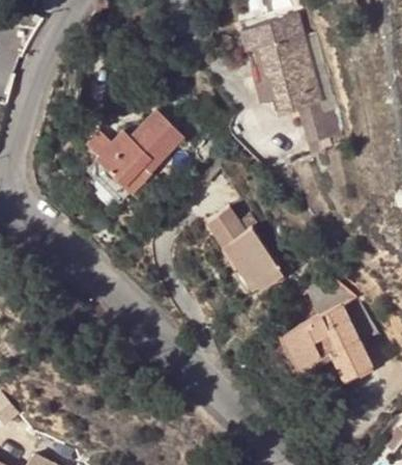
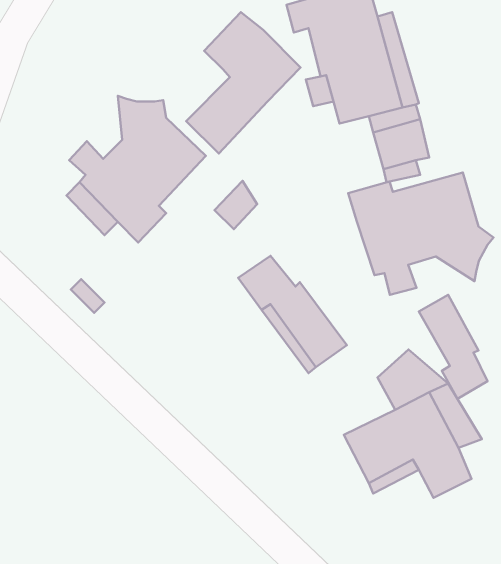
building: none -> [186,12,301,154]
building: none -> [348,172,493,295]
building: none -> [419,295,487,399]

